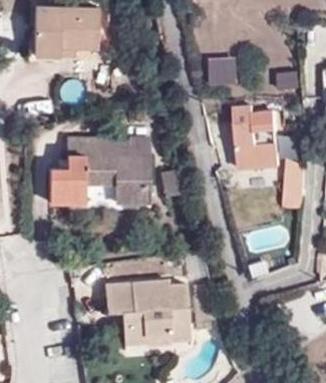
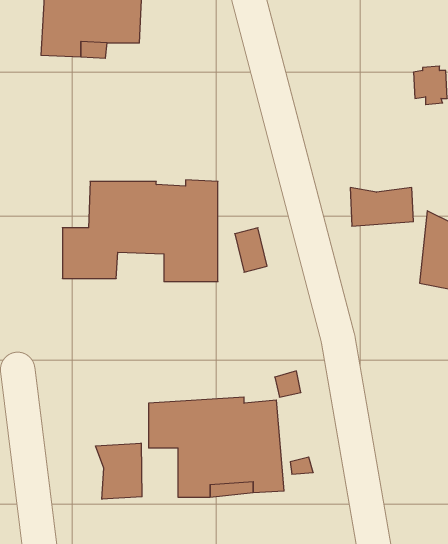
building: [209,55,239,82] -> none
building: [233,107,276,147] -> none
building: none -> [96,443,142,499]

